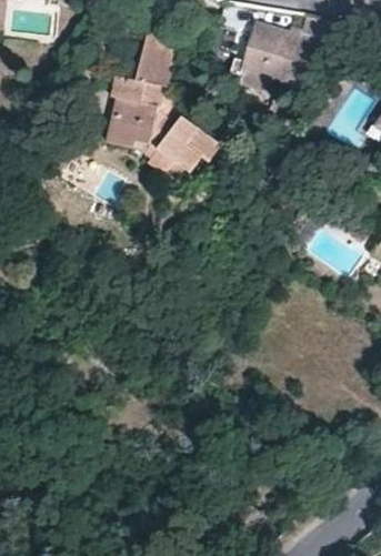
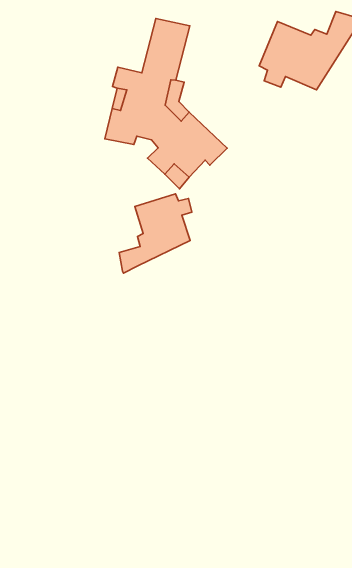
building: none -> [119,194,192,273]

